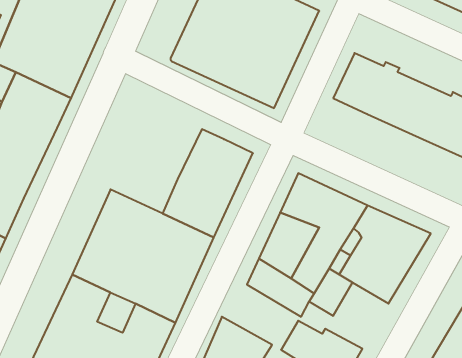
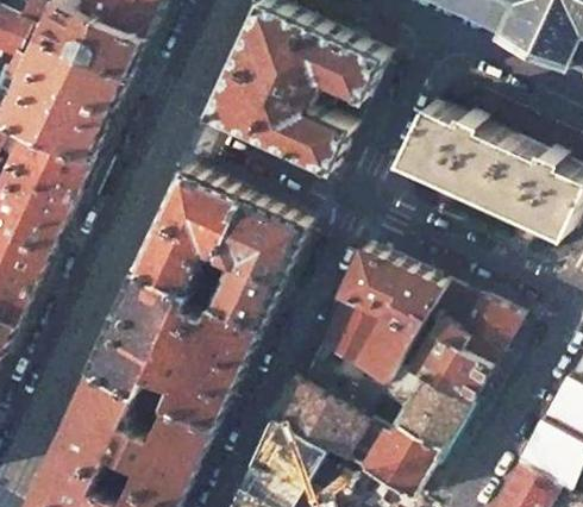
building: none -> [134,169,243,298]
building: none -> [389,380,464,458]
building: none -> [267,382,357,459]

